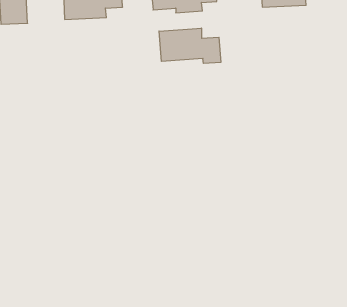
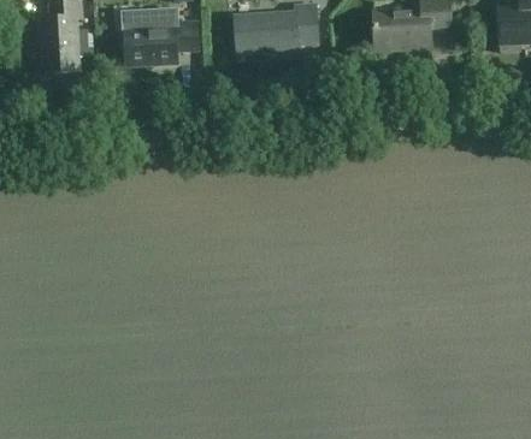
building: [159,28,221,63] -> none

